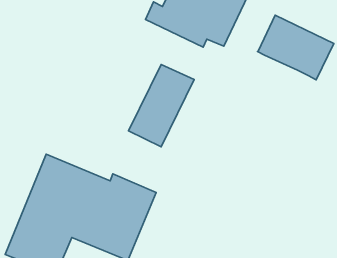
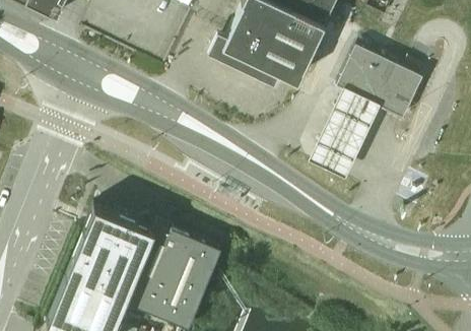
building: [128,64,194,147] -> [307,90,382,185]

